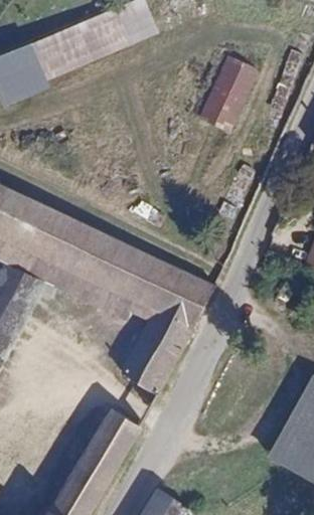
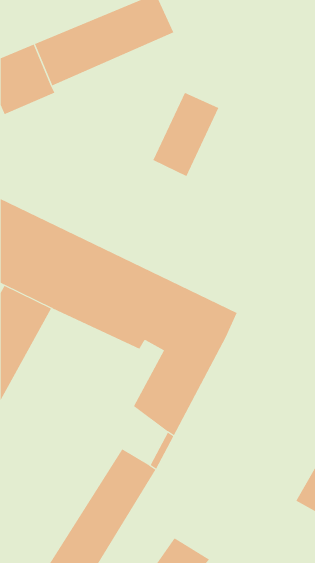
building: [198,56,259,133] -> [152,92,219,177]

